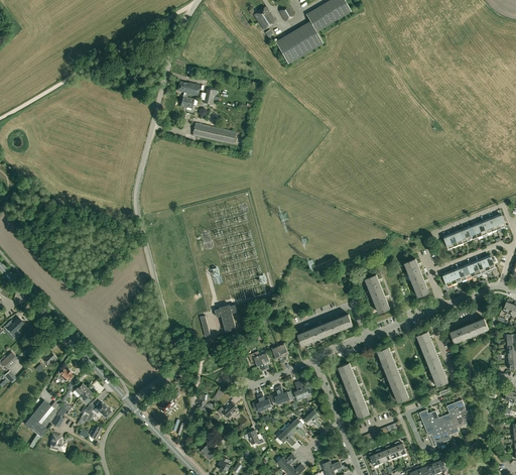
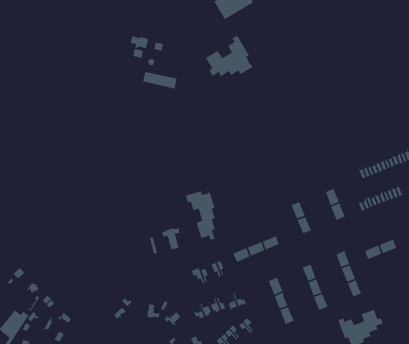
building: none -> [205,34,253,77]
building: none -> [185,190,216,240]

